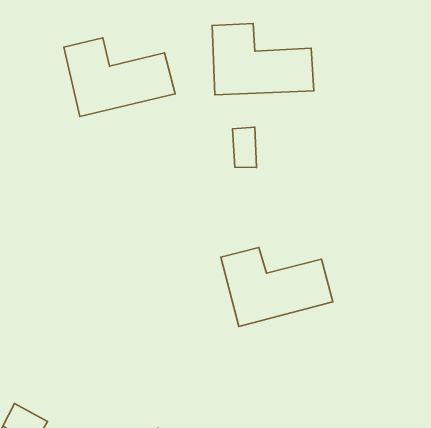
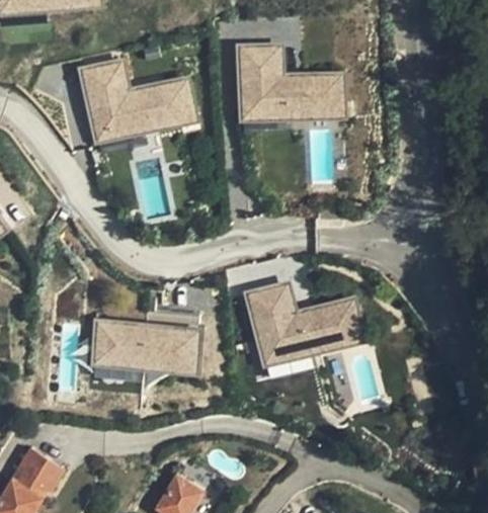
building: [233,127,256,167] -> none
building: none -> [91,320,198,370]

